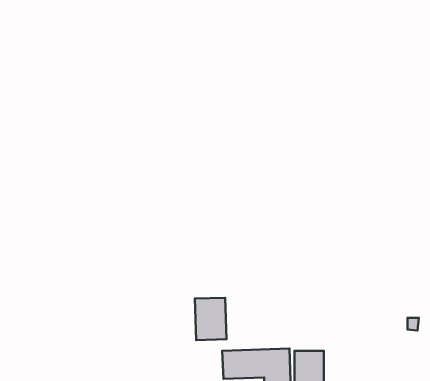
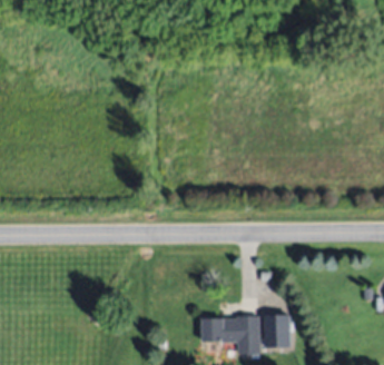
building: [195,298,226,340] -> none

